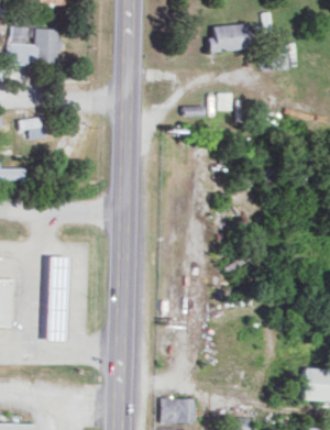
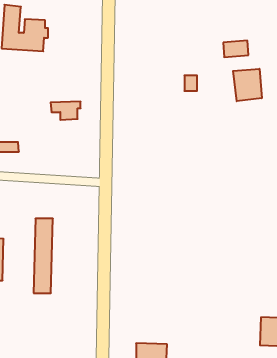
building: [209,25,248,52] -> none
building: none -> [233,69,262,101]
building: [16,119,51,140] -> [51,102,81,120]

